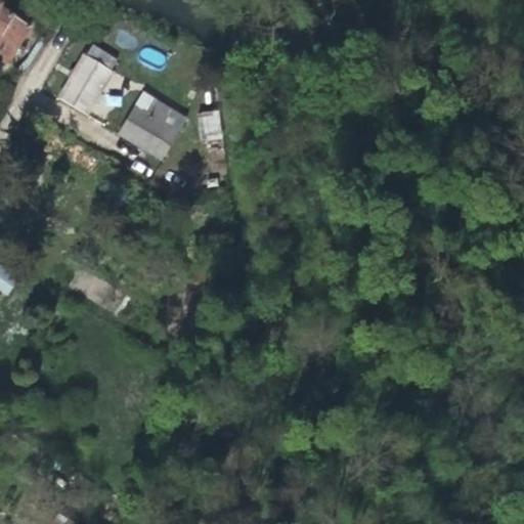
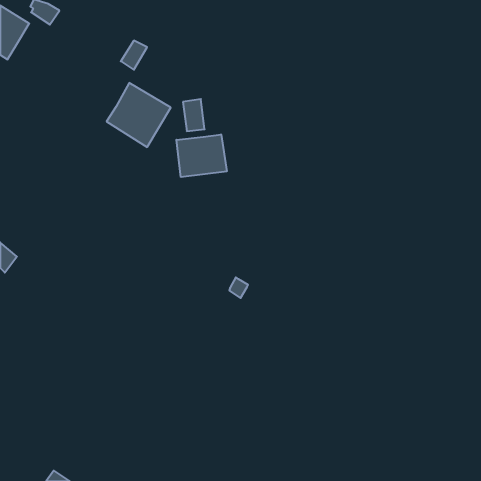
building: [57,53,113,115] -> none
building: none -> [176,134,227,177]

